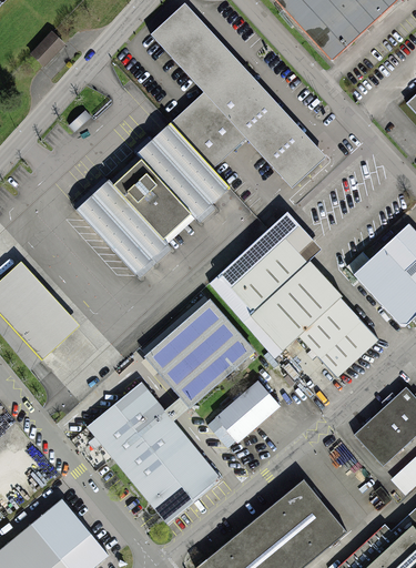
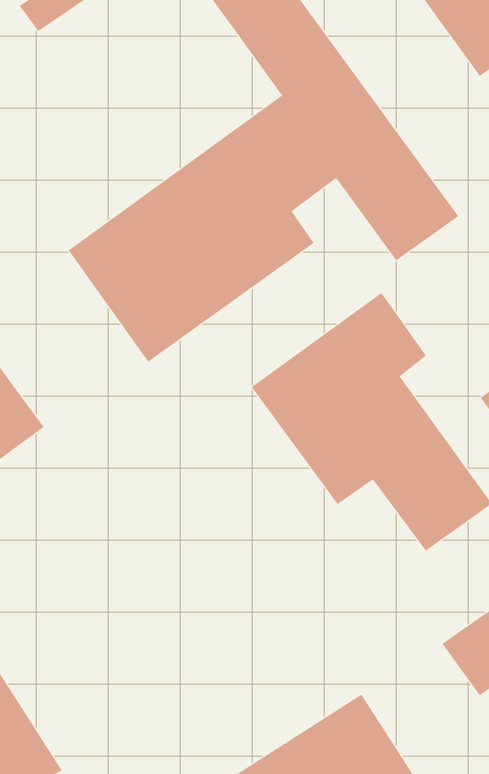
building: [149,298,261,408] -> none
building: [81,377,225,528] -> none
building: [212,378,282,445] -> none

